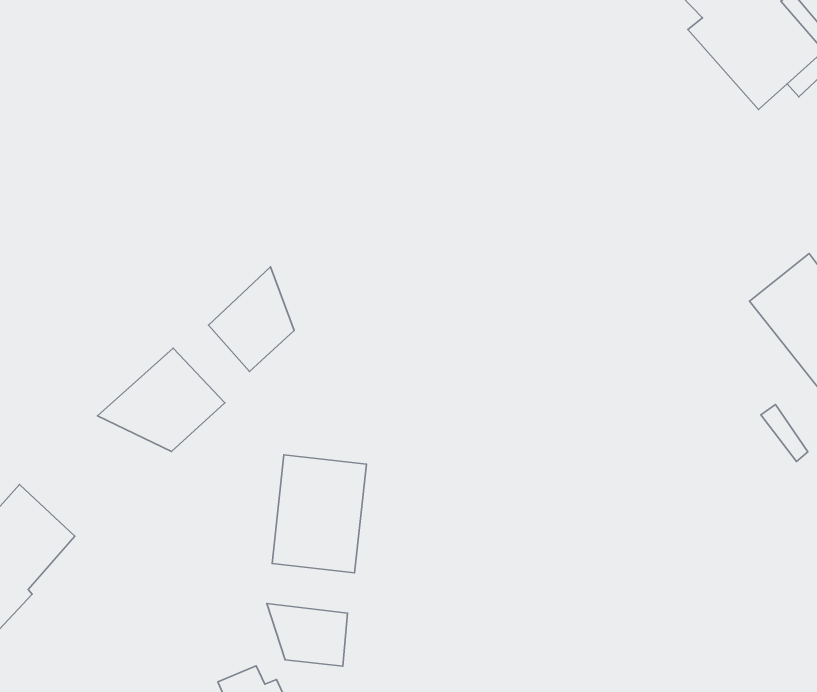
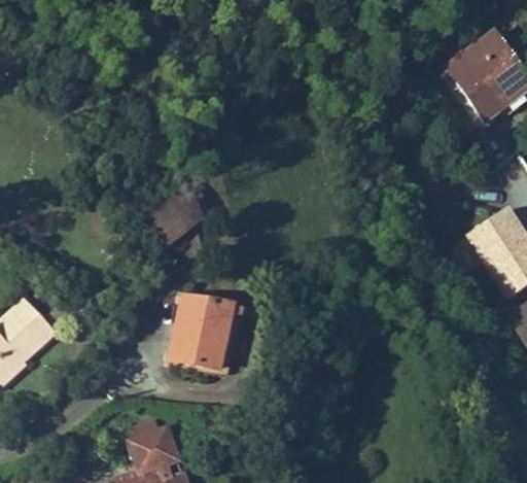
building: [97,348,225,452] -> none
building: [267,604,347,666] -> none

